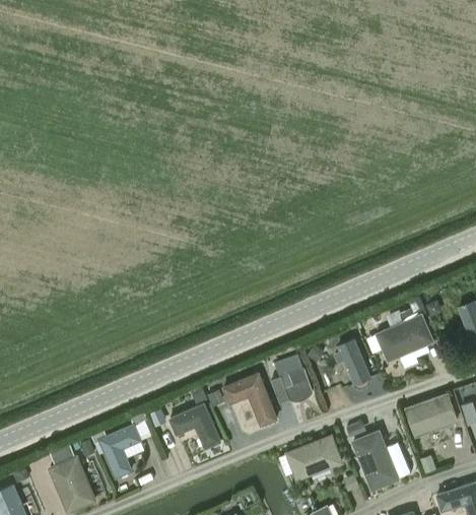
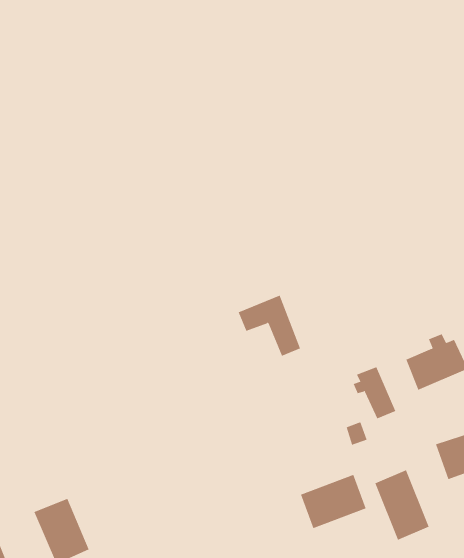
building: [271,369,313,403] -> none
building: [221,373,277,428] -> [238,295,301,357]
building: [167,403,221,450] -> none
building: [97,428,143,485] -> none

